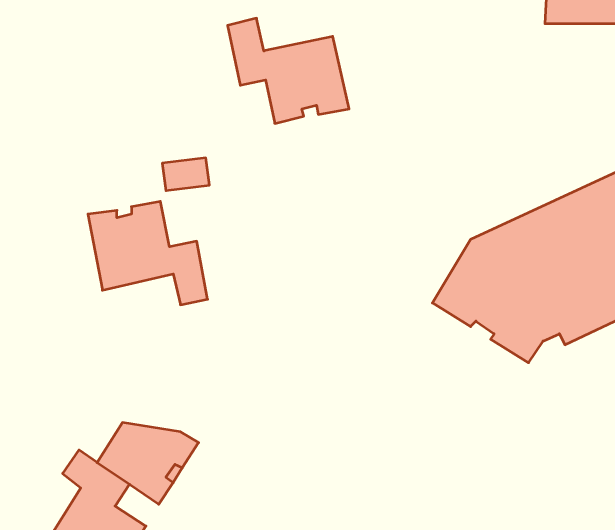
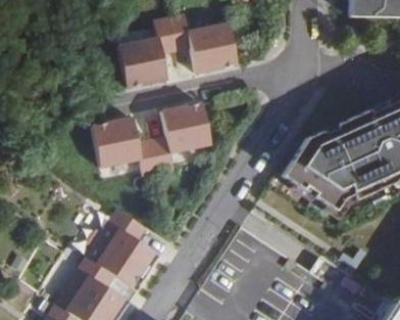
building: none -> [118,17,177,87]
building: none -> [152,102,210,172]
building: none -> [107,209,146,246]

